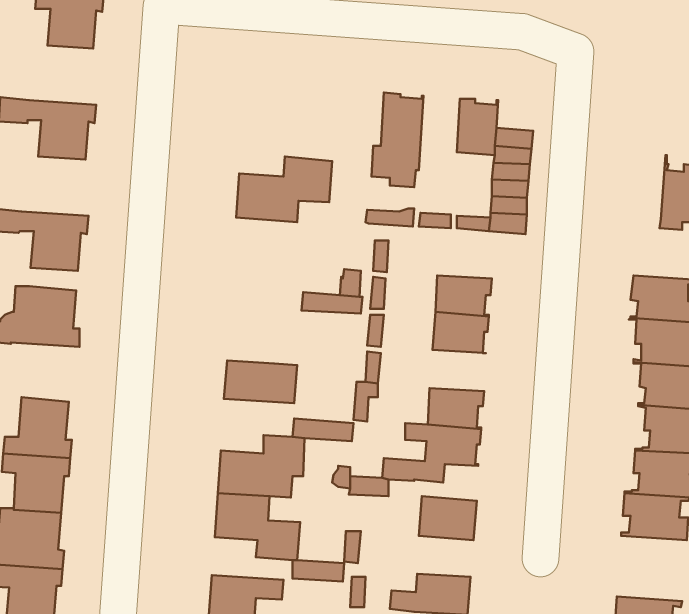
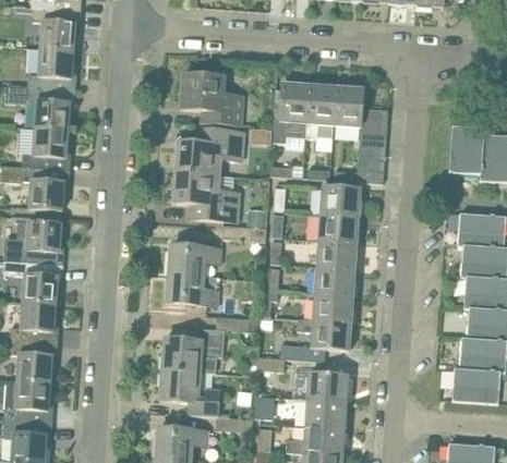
building: none -> [27,49,76,92]
building: none -> [180,74,242,125]
building: none -> [306,85,336,139]
building: none -> [448,125,483,173]
building: none -> [22,129,70,171]
building: none -> [173,172,240,221]
building: none -> [319,186,361,216]
building: none -> [169,245,221,277]
building: none -> [14,261,63,304]
building: none -> [314,267,354,296]
building: none -> [305,400,346,429]

